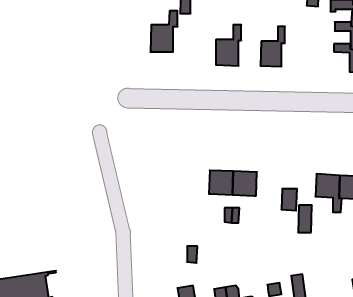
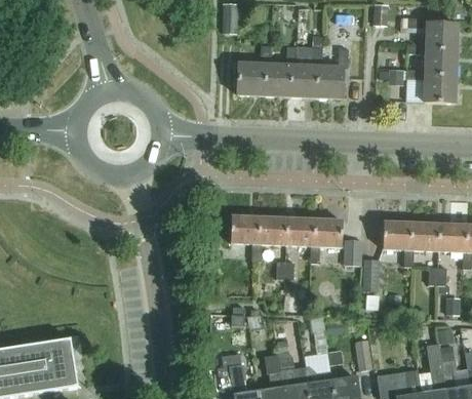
building: [150,11,178,52] -> [239,44,271,92]
building: none -> [292,46,321,93]
building: none -> [230,215,260,261]
building: none -> [310,218,342,263]

